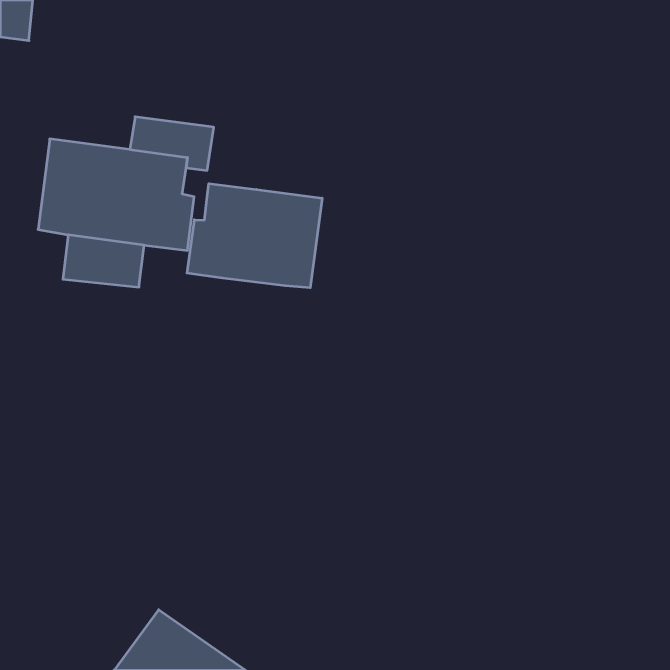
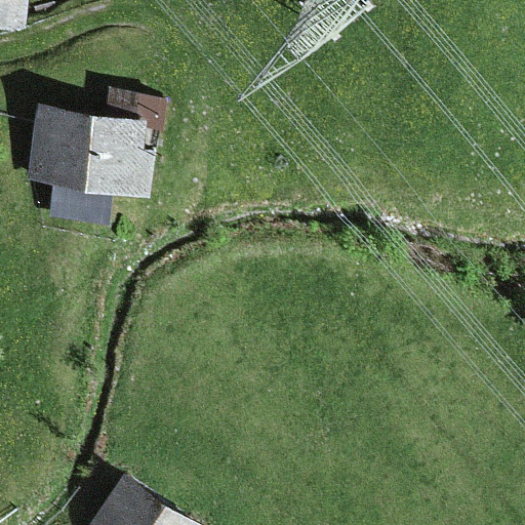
building: [187,184,322,288] -> none

